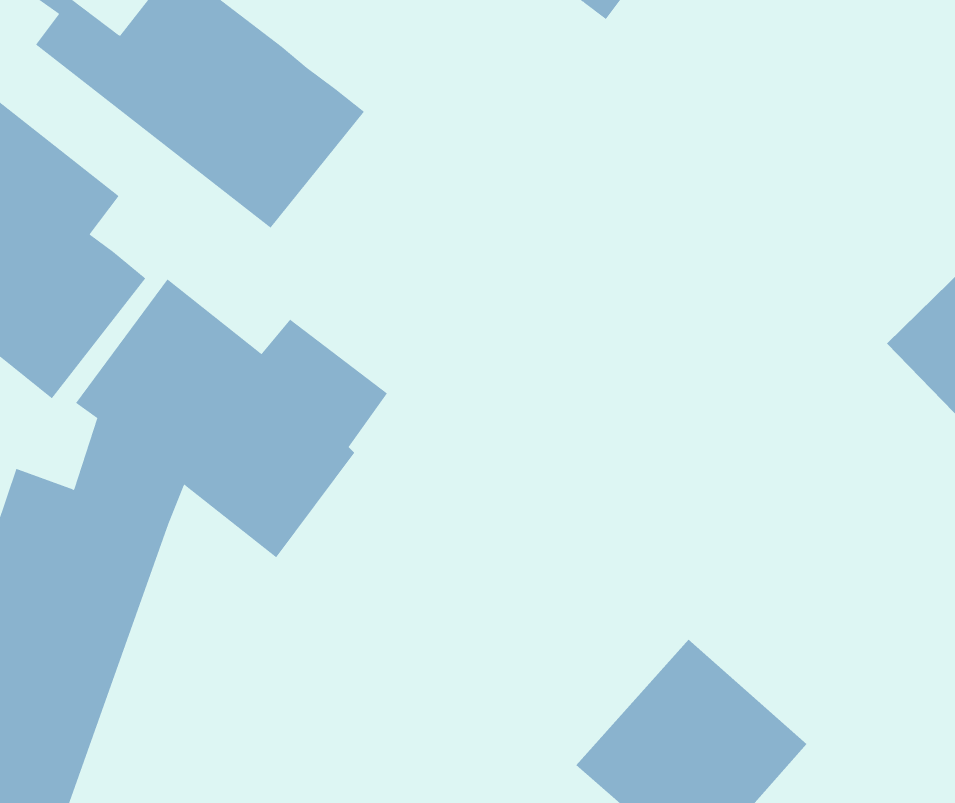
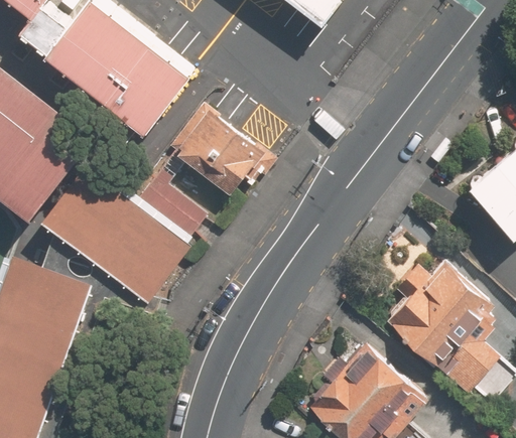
building: none -> [165,107,263,199]
building: none -> [391,263,497,391]

